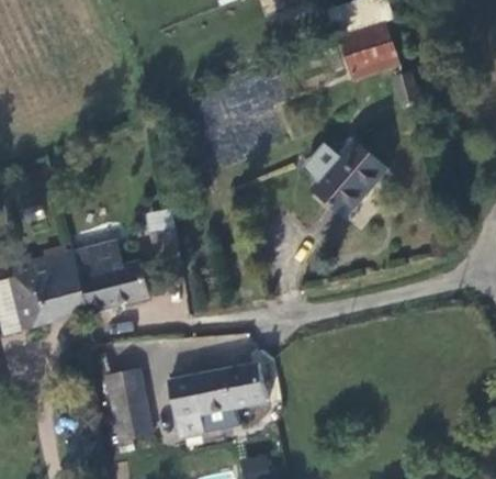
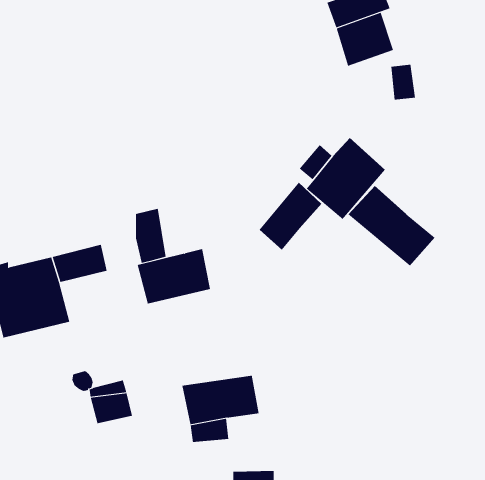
building: none -> [259,182,322,251]
building: none -> [347,185,436,266]
building: [78,261,148,314] -> [137,249,211,304]
building: [166,375,203,436] -> none
building: [113,403,153,441] -> none

